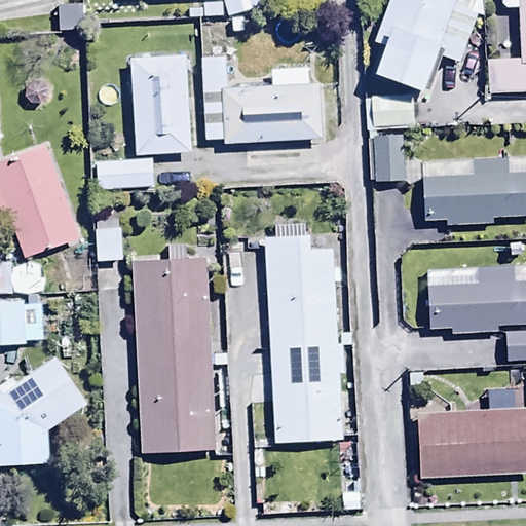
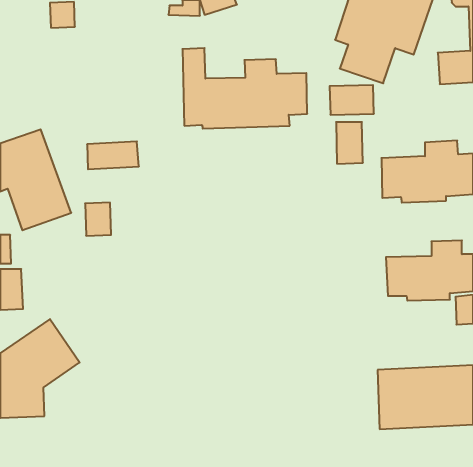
building: [132,53,191,154] -> none
building: [264,222,347,443] -> none
building: [133,245,216,454] -> none

